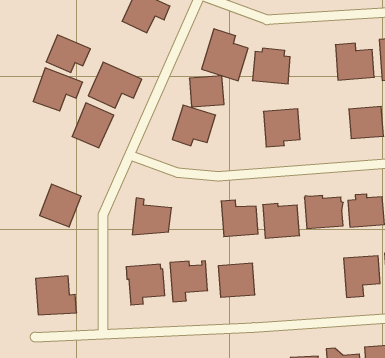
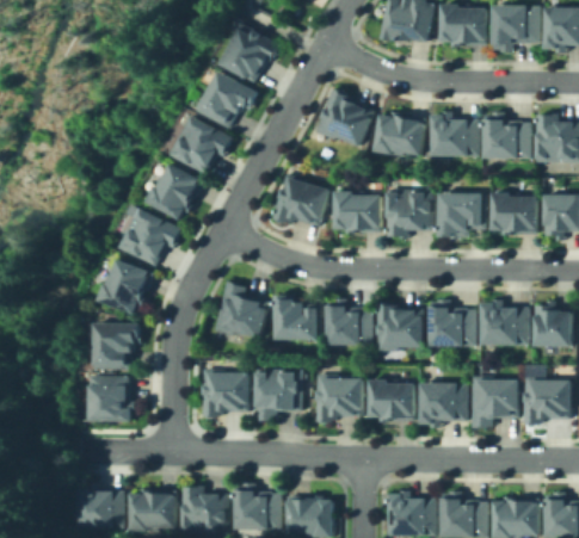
building: [46,35,90,72] -> [199,78,255,125]
building: none -> [431,113,476,155]
building: [33,68,83,111] -> [122,209,185,264]
building: [189,76,224,107] -> [337,194,377,230]
building: none -> [439,194,482,235]
building: none -> [275,297,318,338]
building: none -> [96,324,140,367]
building: none -> [421,385,463,421]
building: none -> [370,383,411,420]

